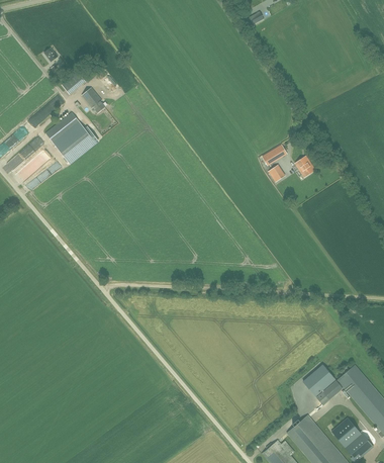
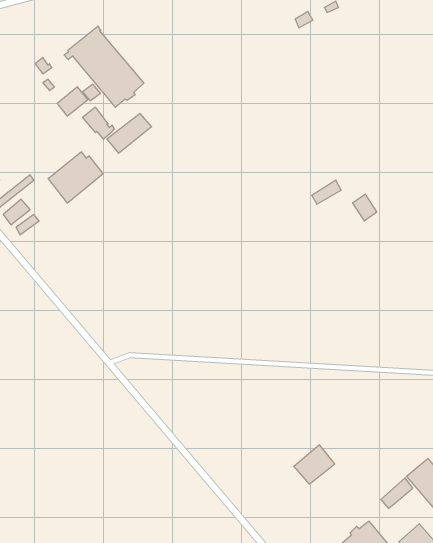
building: none -> [64,26,144,107]
building: [44,112,80,144] -> [107,114,152,153]
building: [302,364,334,395] -> [294,445,335,484]

